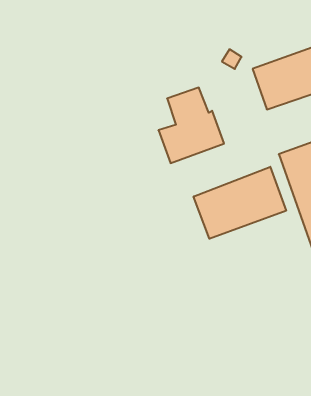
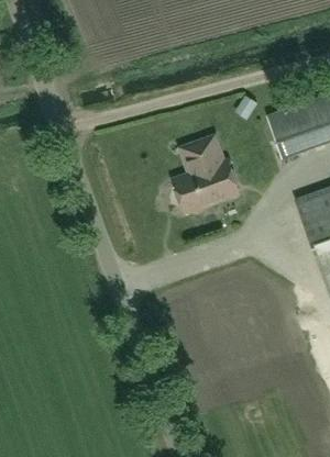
building: [194,167,286,239] -> none

